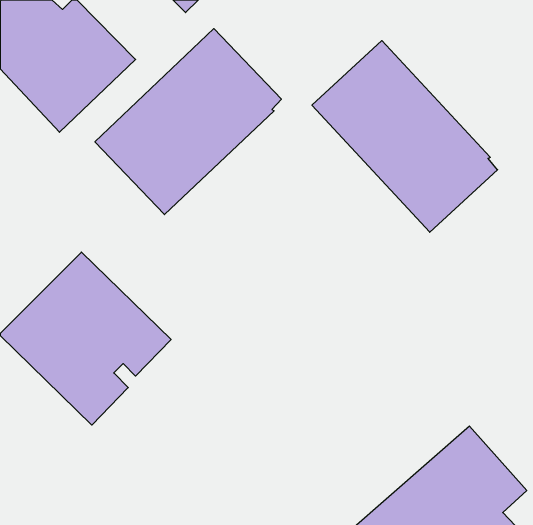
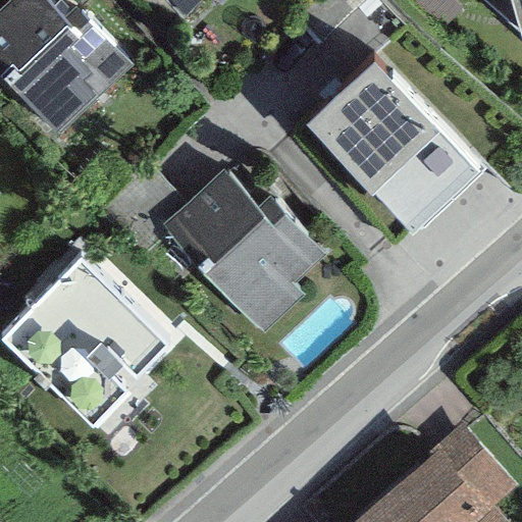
building: [95,29,281,215] -> none
building: none -> [160,169,323,334]

